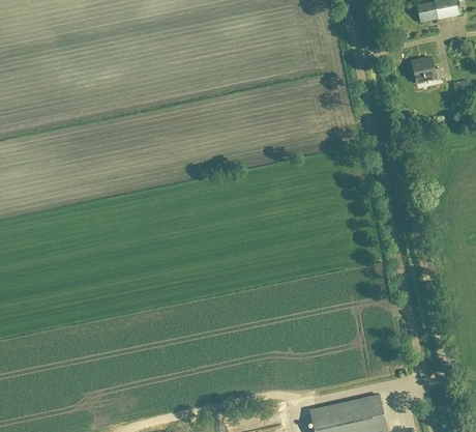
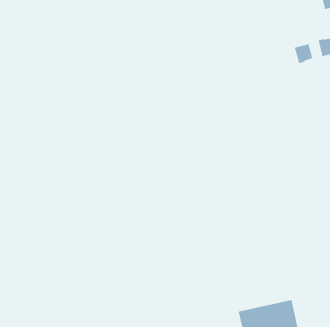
building: none -> [294,43,313,64]

